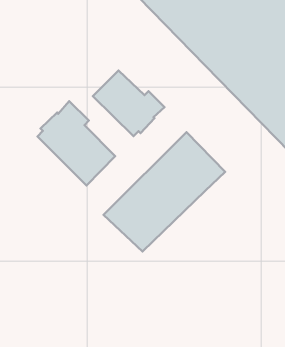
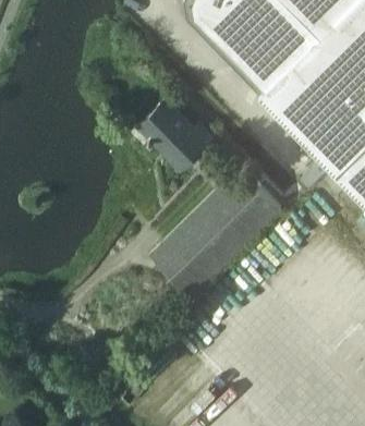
building: [37,101,115,186] -> none

